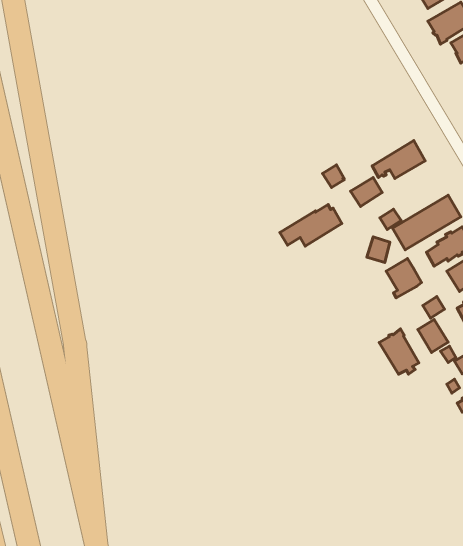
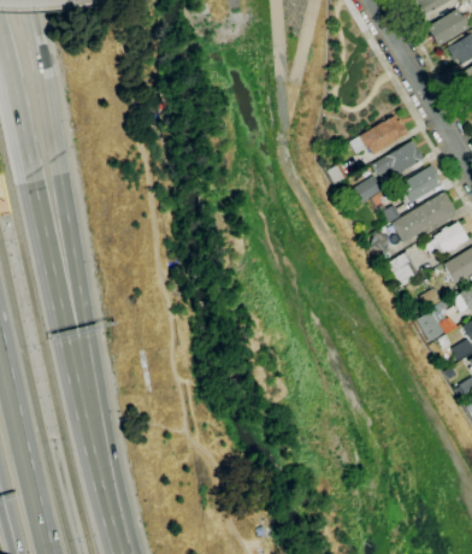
building: none -> [399,165,439,204]
building: [280,204,342,246] -> [349,116,408,155]
building: [379,329,419,374] -> none

